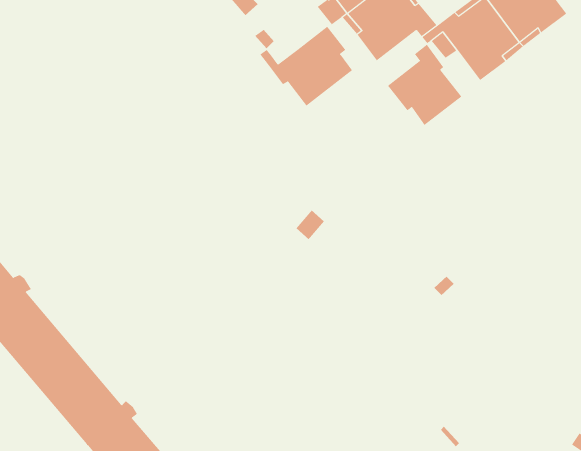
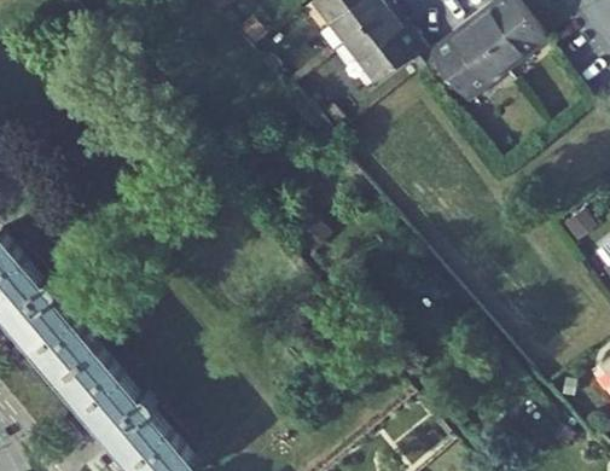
building: [259,26,353,106] -> none
building: [387,44,462,126] -> none

